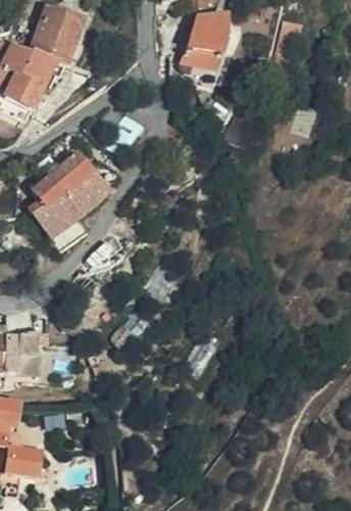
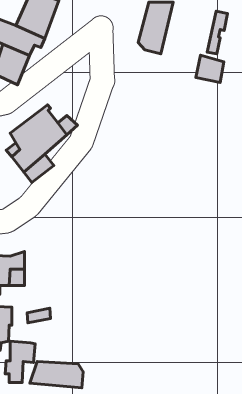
building: none -> [196,55,224,83]
building: none -> [30,361,83,388]

